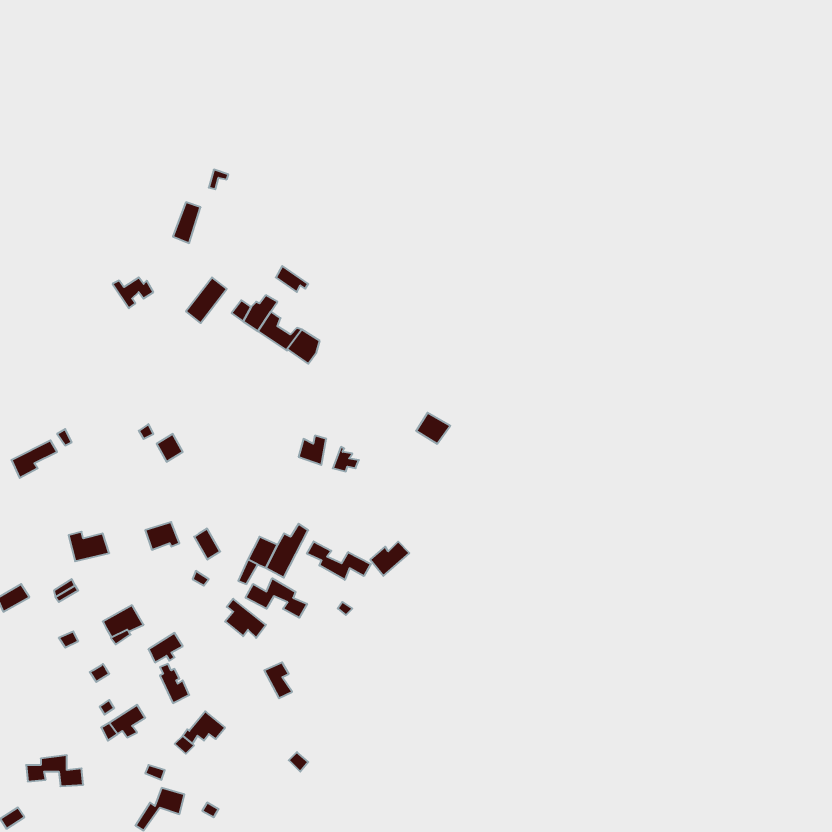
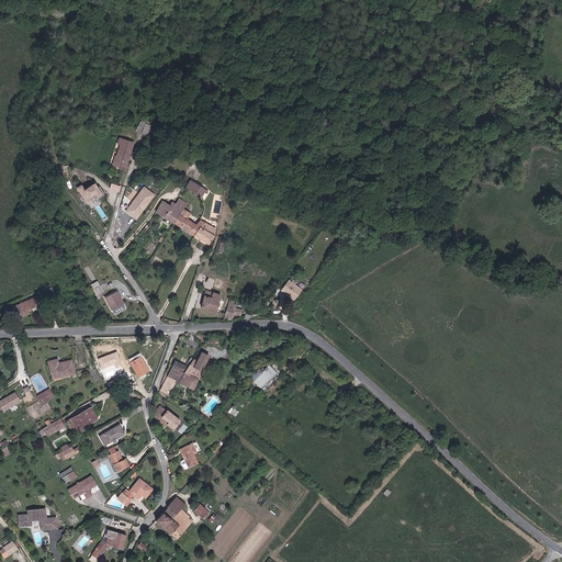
building: [307,541,371,580] -> none
building: [246,578,307,618] -> none
building: none -> [155,497,191,539]

